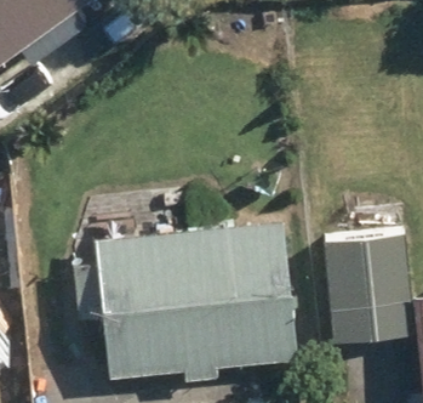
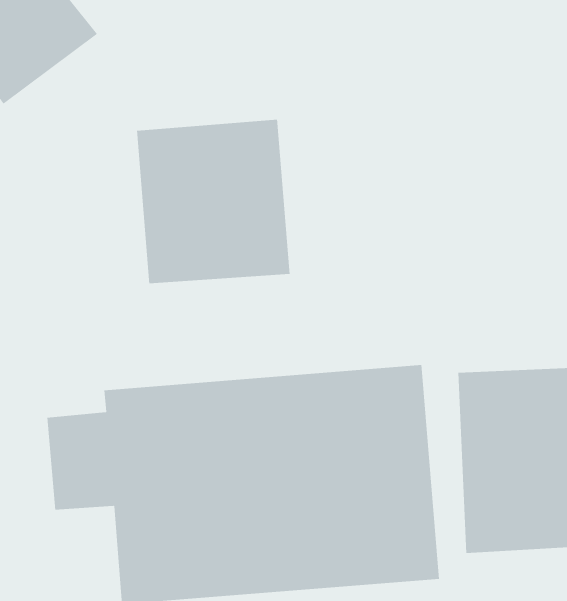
building: none -> [137,119,290,284]

